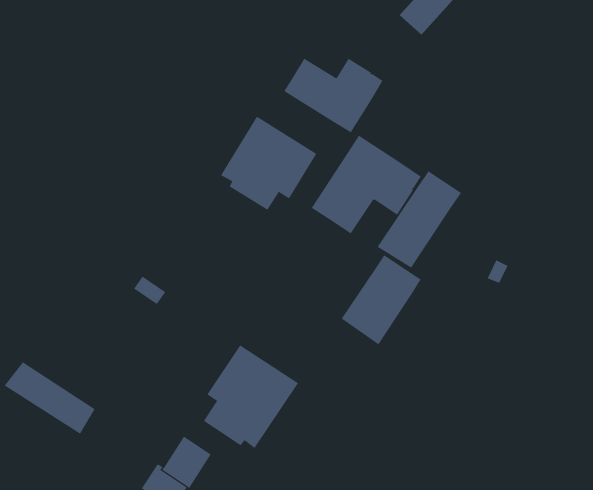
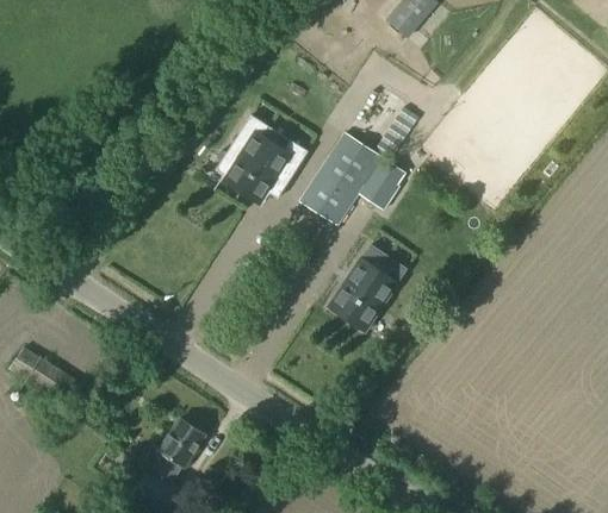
building: [283,58,383,133] -> none
building: [377,170,462,269] -> none
building: [203,344,299,449] -> none

